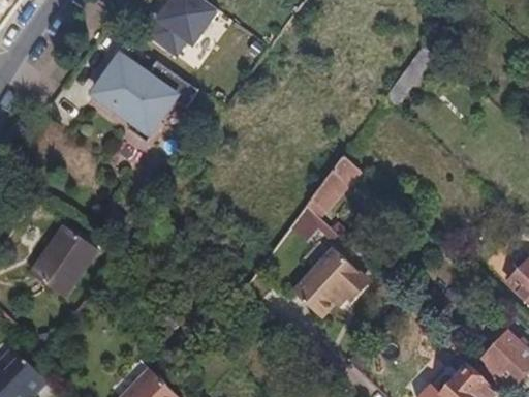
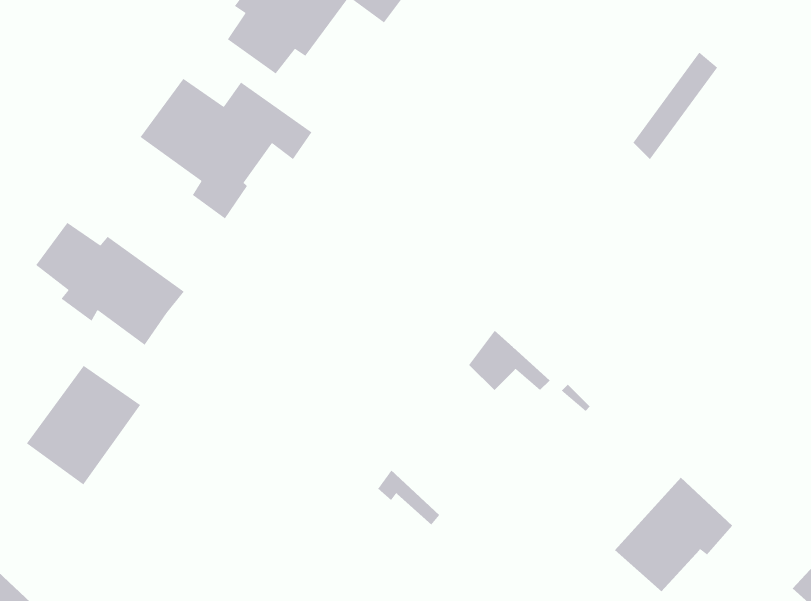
building: none -> [35,222,185,346]
building: [306,155,360,216] -> none
building: [295,248,366,316] -> [614,477,733,592]

